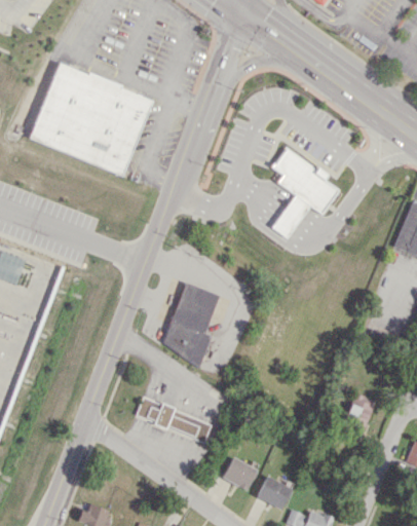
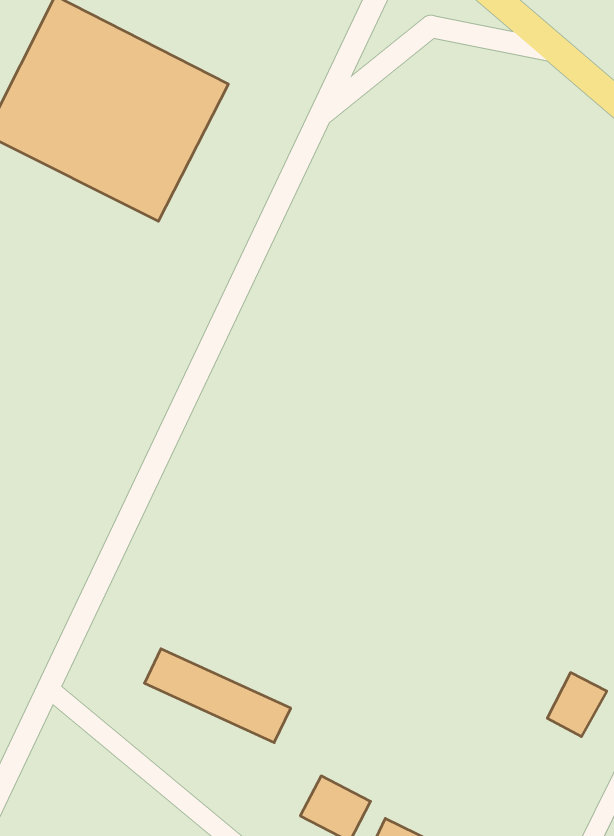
building: [271,147,338,238] -> none
building: [162,283,219,363] -> none

